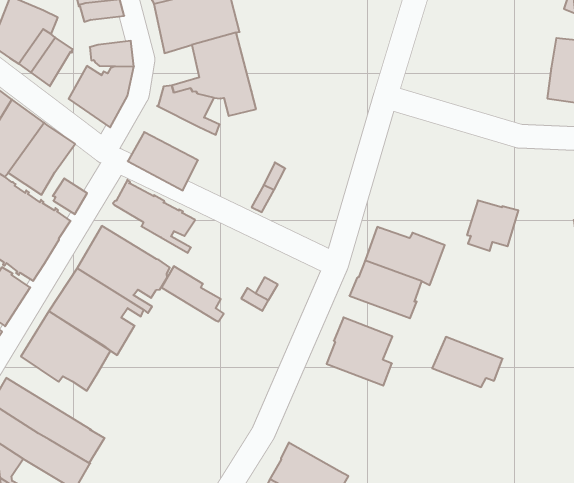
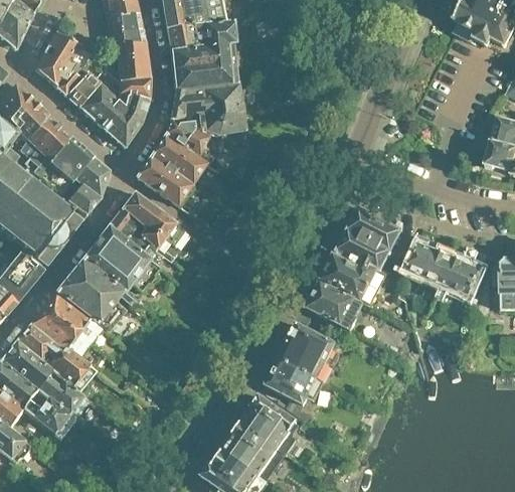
building: none -> [118,56,149,77]
building: none -> [171,87,201,118]
building: none -> [78,80,111,119]
building: none -> [151,133,209,181]
building: none -> [74,156,109,197]
building: none -> [334,205,401,271]
building: none -> [437,253,480,300]
building: [161,266,224,322] -> [108,209,156,259]
building: [432,337,503,387] -> [264,359,322,403]
building: none -> [15,324,95,390]
building: none -> [240,394,296,453]

